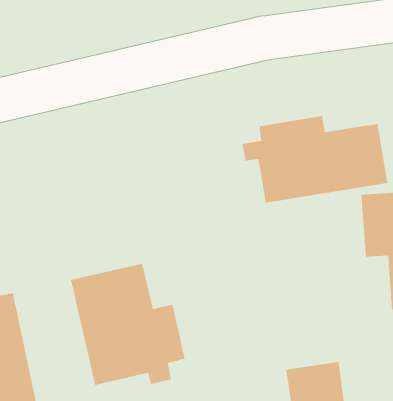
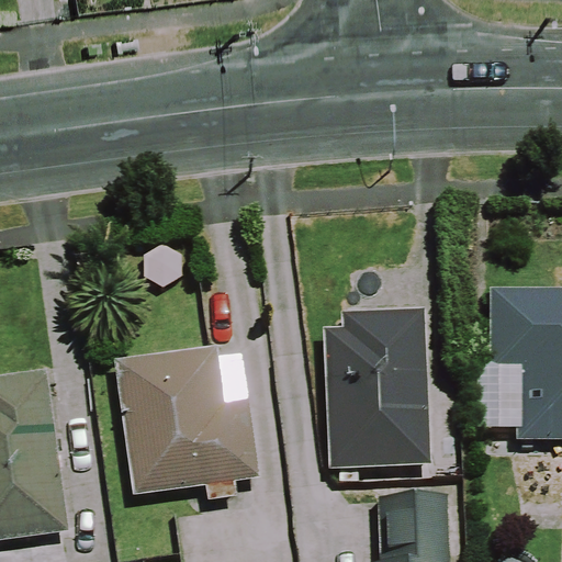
building: [242,115,388,203] -> none
building: none -> [322,314,428,470]

